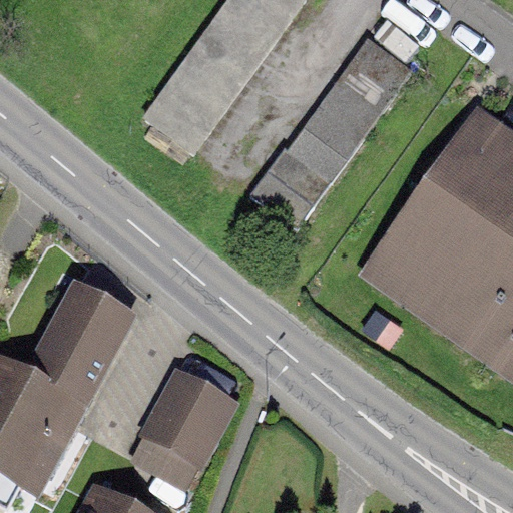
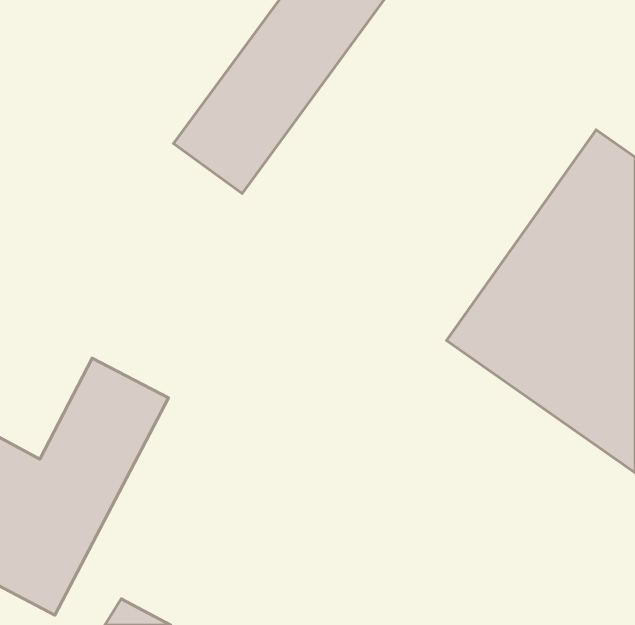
building: [249,37,414,229] -> none
building: [125,364,241,492] -> none

